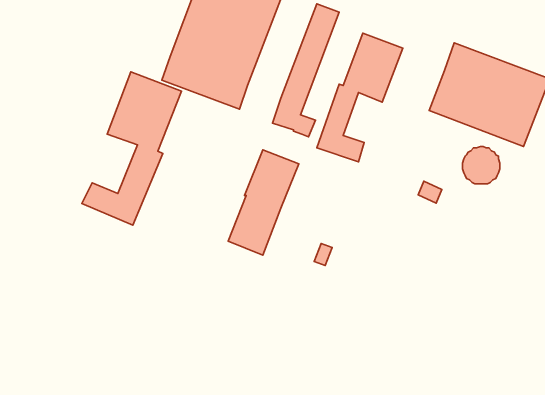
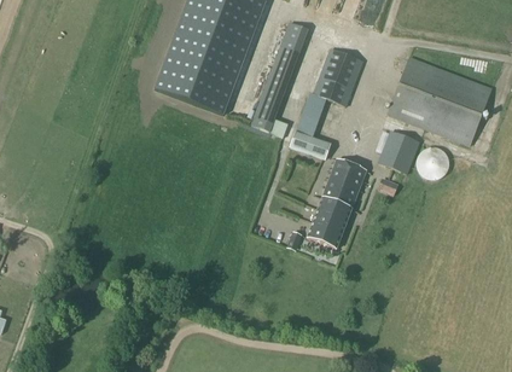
building: [82,72,182,225] -> none
building: none -> [378,129,420,174]
building: [228,150,299,255] -> [306,158,367,250]

